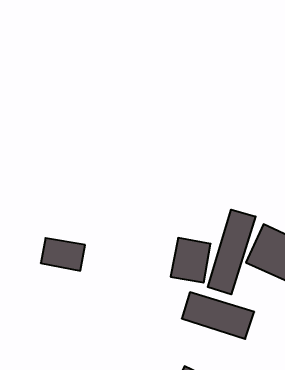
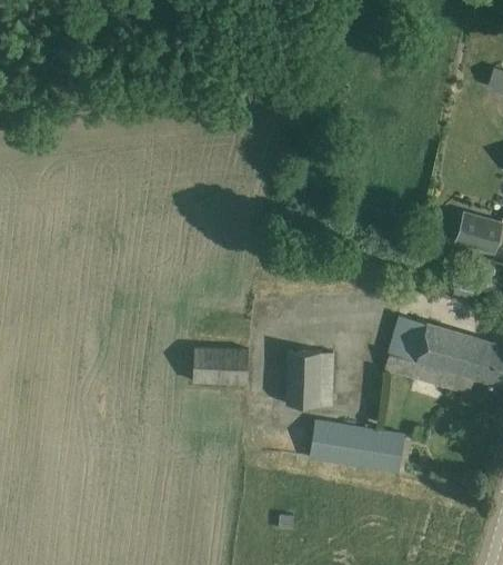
building: [208,210,256,294] -> none
building: [41,238,85,271] -> [193,349,249,386]

